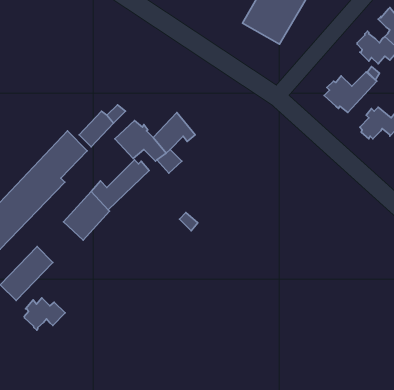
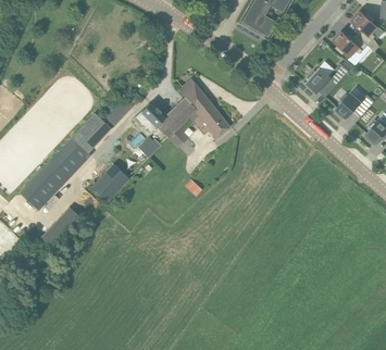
building: none -> [177,78,229,137]
building: [24,298,65,330] -> none

